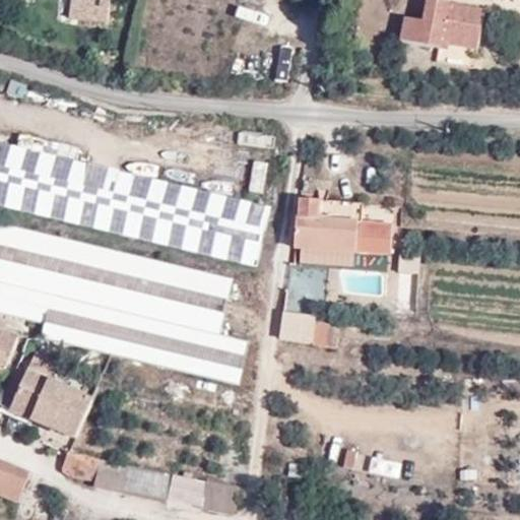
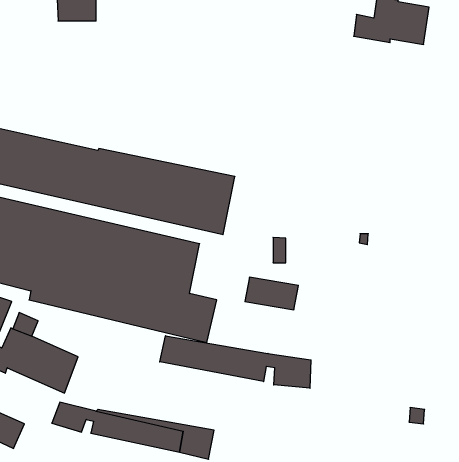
building: [295,203,396,257] -> none
building: none -> [160,336,311,388]

